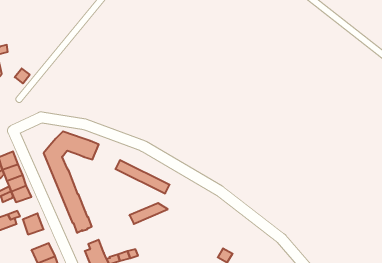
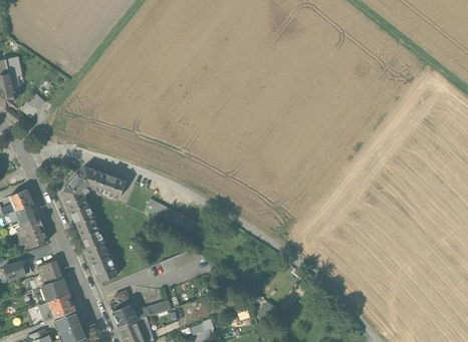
building: none -> [41,279,68,303]

